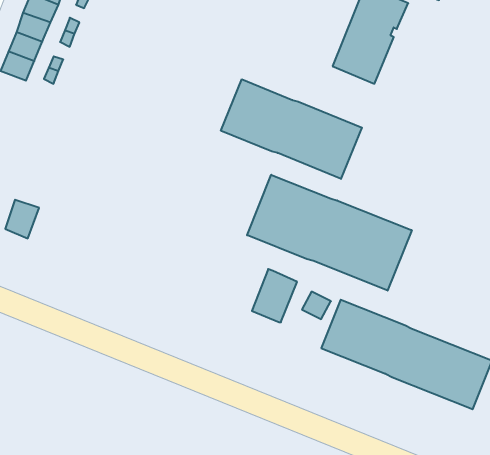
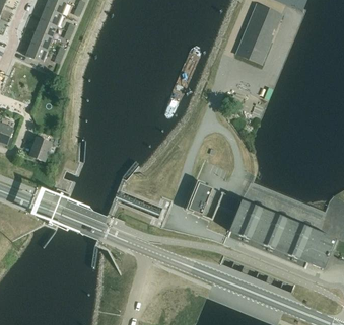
building: [221,79,362,179] -> none
building: [247,175,412,291] -> none

